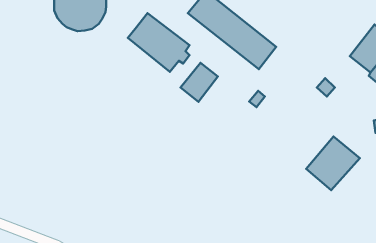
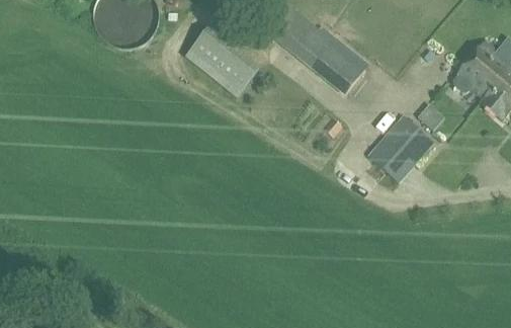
building: [180,63,218,102] -> none
building: [306,137,360,190] -> [368,114,434,180]

